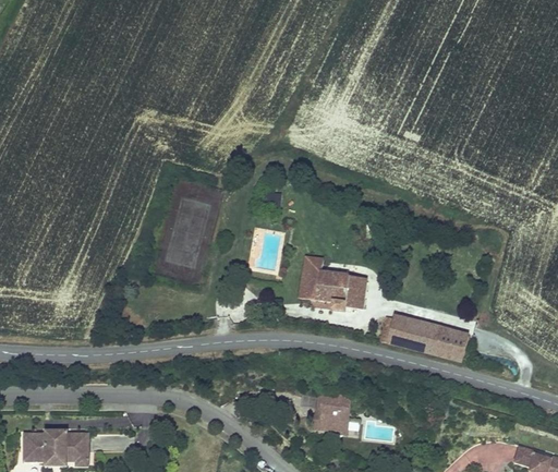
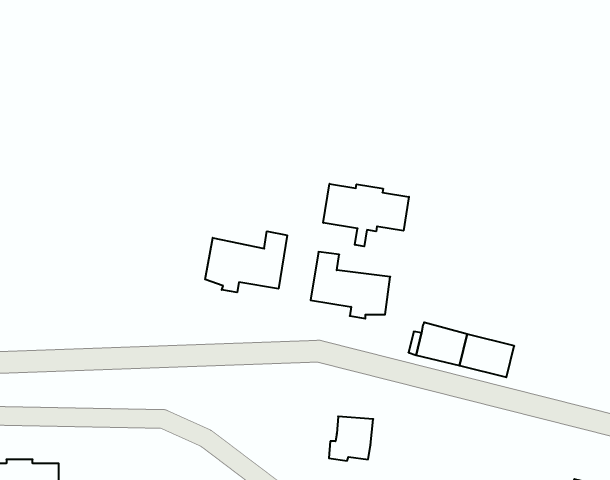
building: none -> [323,184,409,246]
building: none -> [205,231,287,292]

